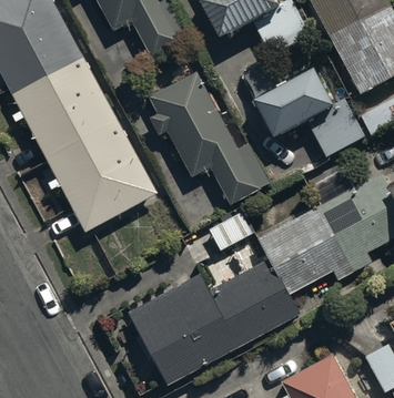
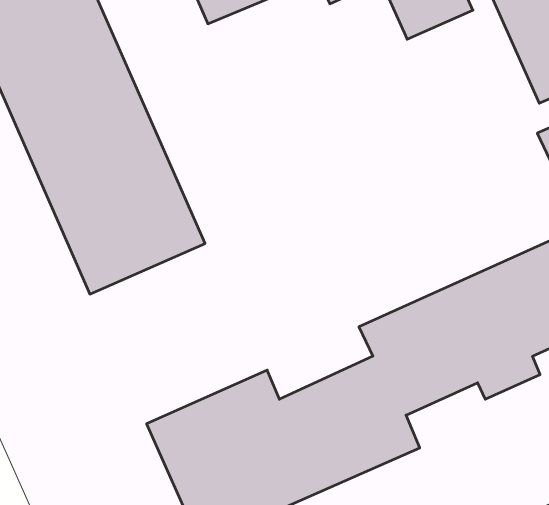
building: [239,61,363,159] -> none
building: [145,72,269,206] -> none

